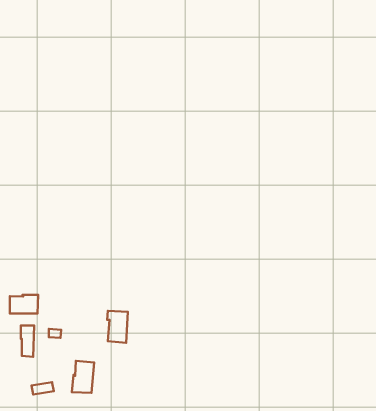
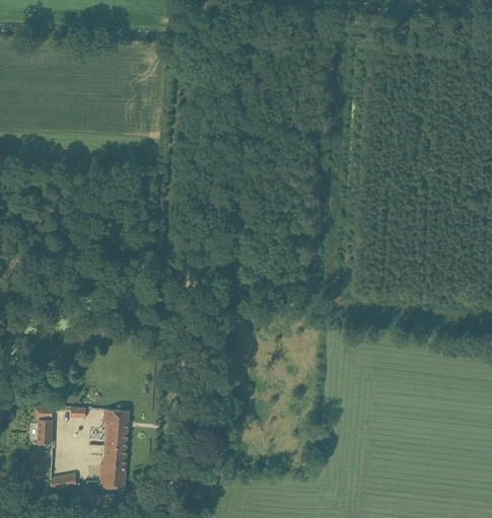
building: [10,295,38,313] -> none
building: [107,311,128,343] -> [102,411,128,450]

